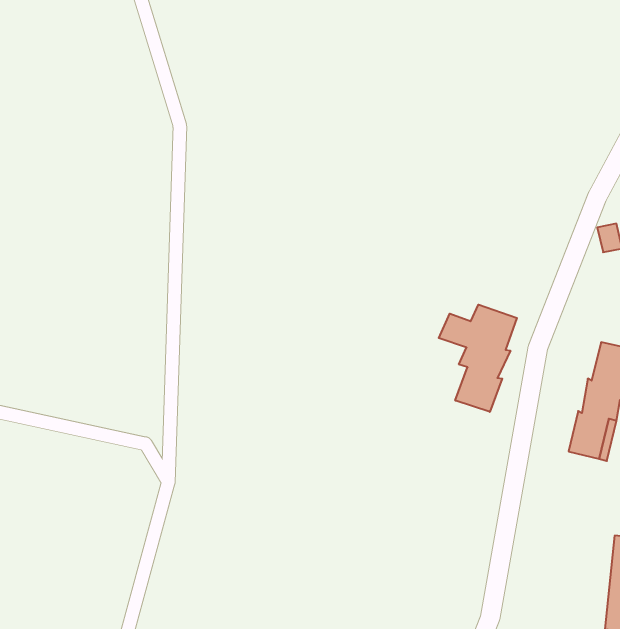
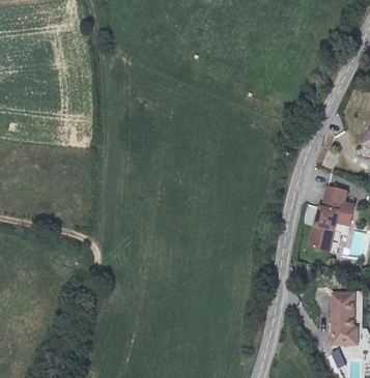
building: [439,305,517,412] -> none

